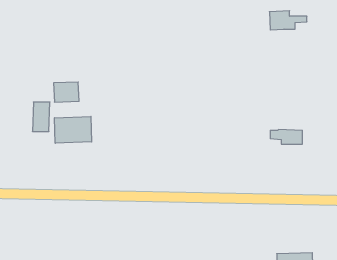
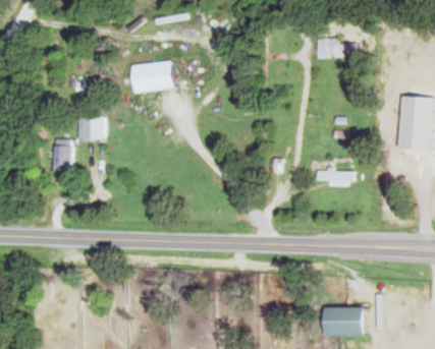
building: none -> [131,61,174,93]
building: [55,116,92,143] -> none

